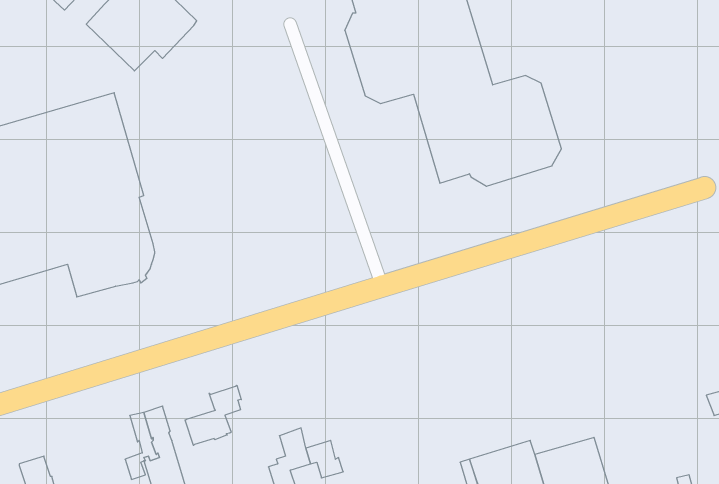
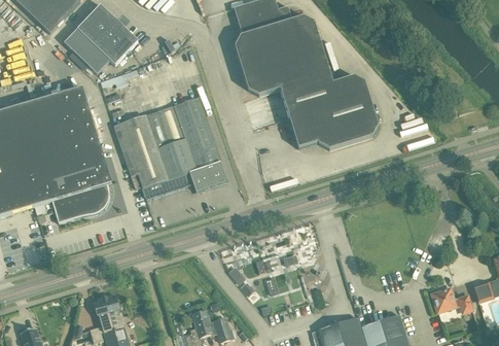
building: none -> [112,96,226,199]
building: [185,385,241,445] -> none
building: none -> [432,287,471,311]

